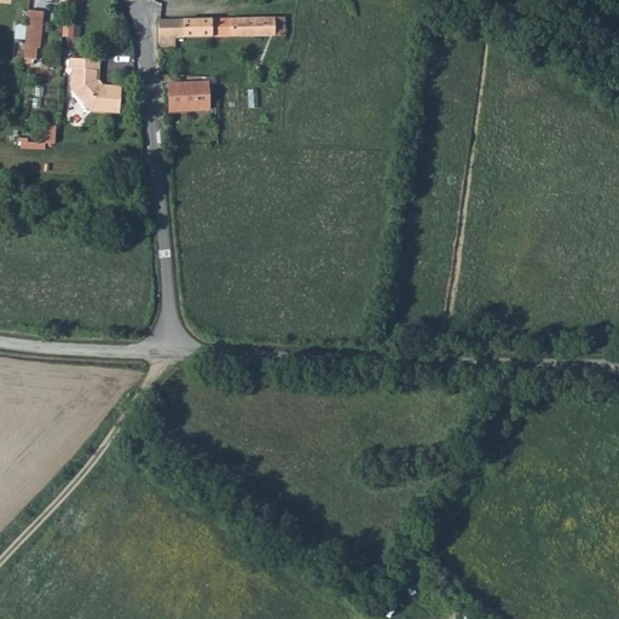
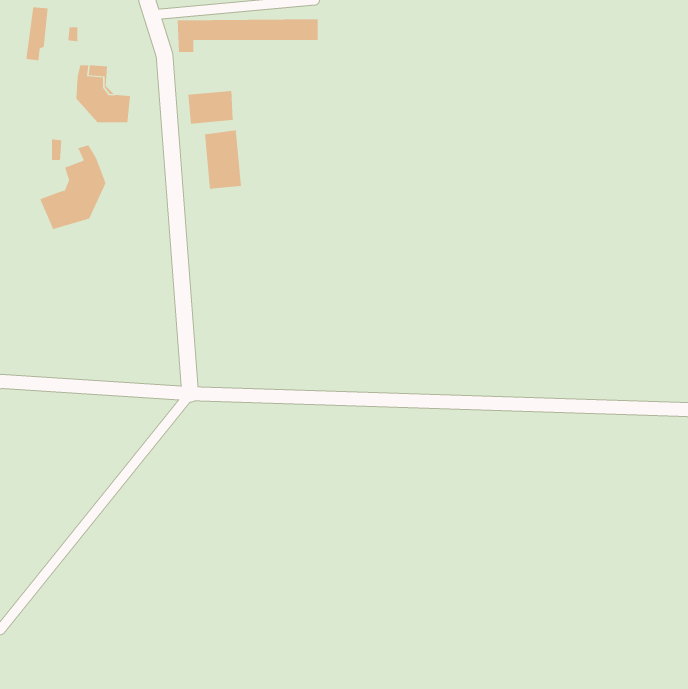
building: none -> [205,129,241,190]
building: none -> [39,144,106,230]

